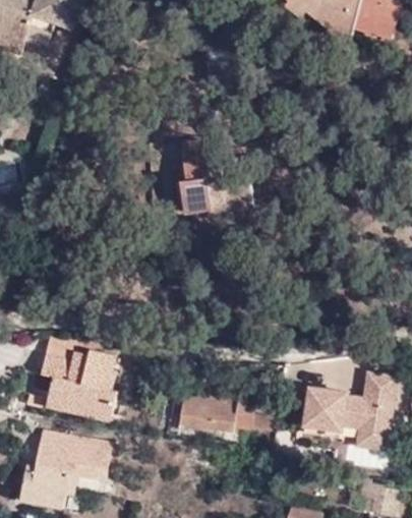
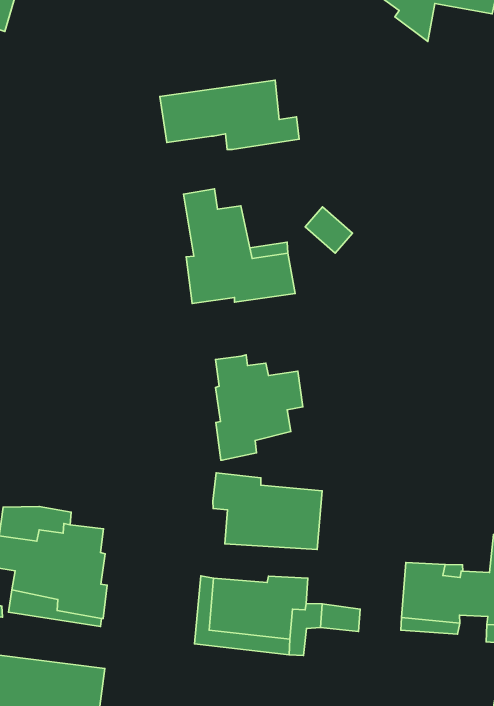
building: none -> [160,80,299,149]
building: none -> [215,355,303,460]
building: none -> [213,473,322,549]

